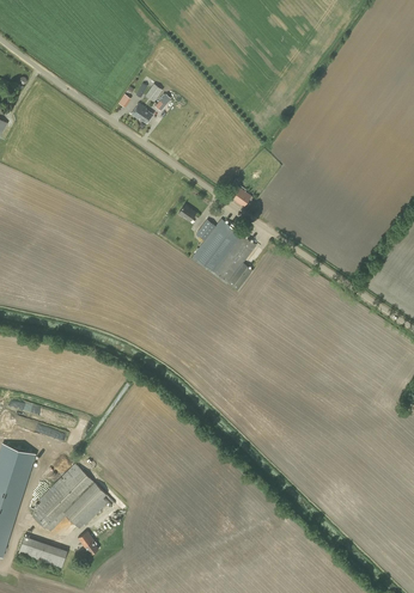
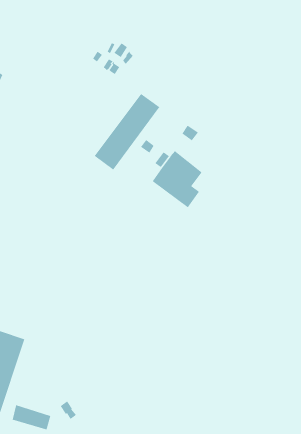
building: none -> [94,93,160,170]
building: [32,463,108,531] -> none

